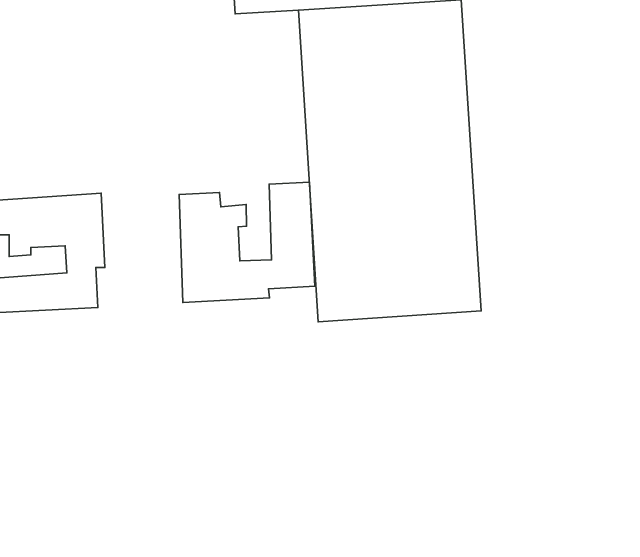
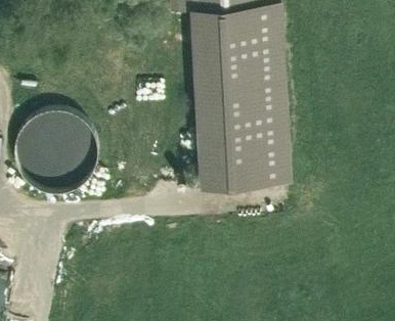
building: [179,182,315,302] -> none

